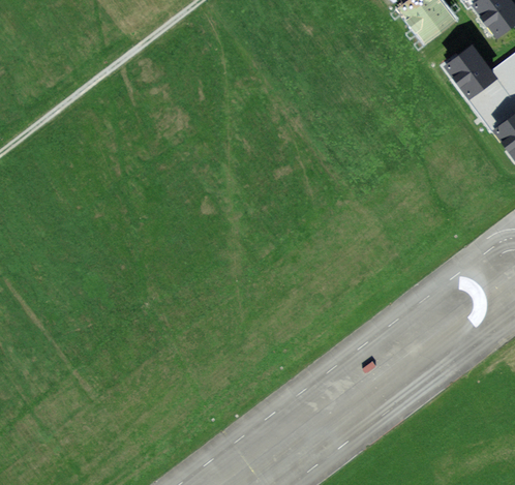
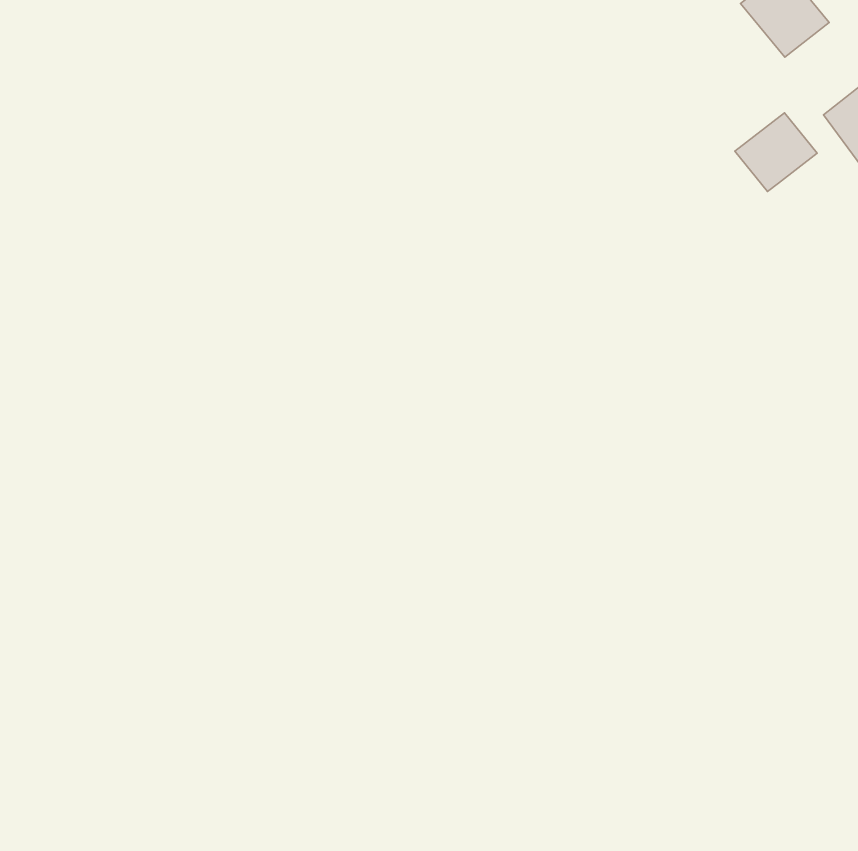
building: none -> [735,113,817,192]

